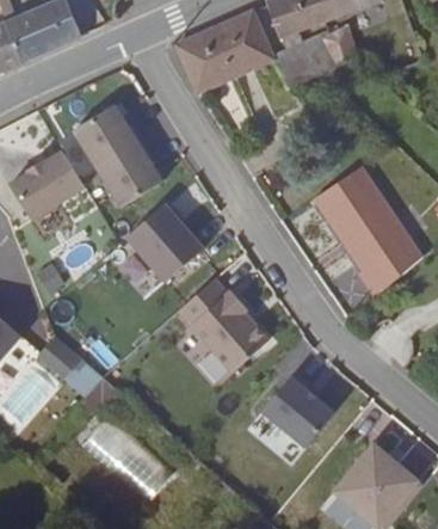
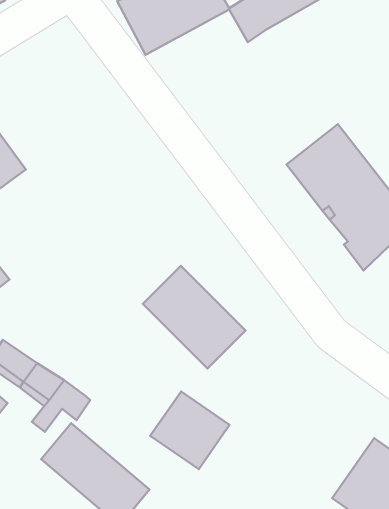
building: [72,105,161,210] -> none
building: [123,204,202,284] -> none
building: [263,379,333,448] -> [150,392,230,469]

